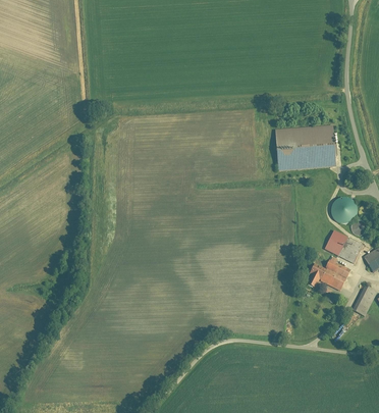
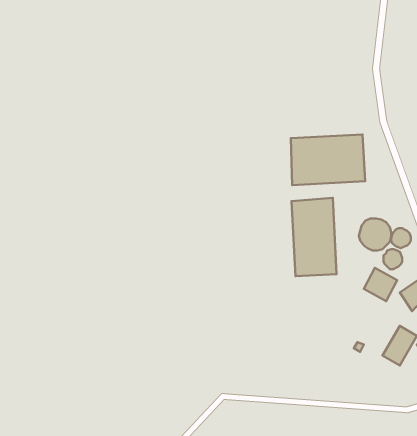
building: none -> [292,198,337,276]
building: [307,258,351,293] -> none

